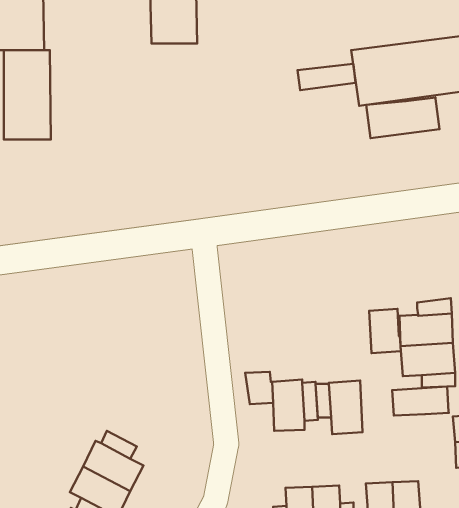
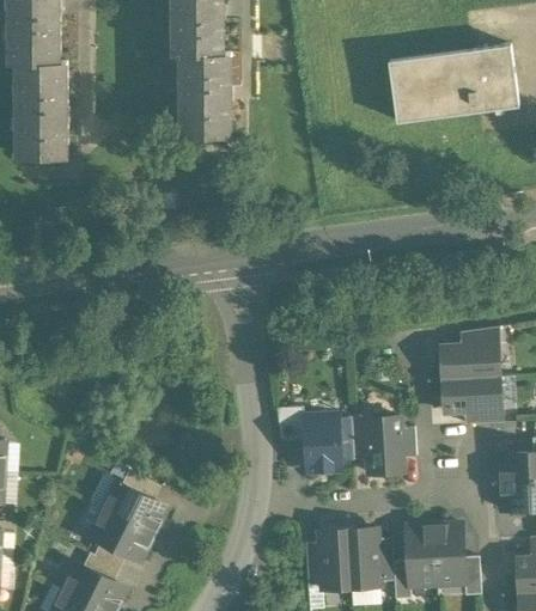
building: none -> [182,55,231,138]
building: [298,64,356,90] -> none
building: [366,97,439,138] -> none
building: [369,309,401,353] -> none
building: [392,386,449,415] -> none

